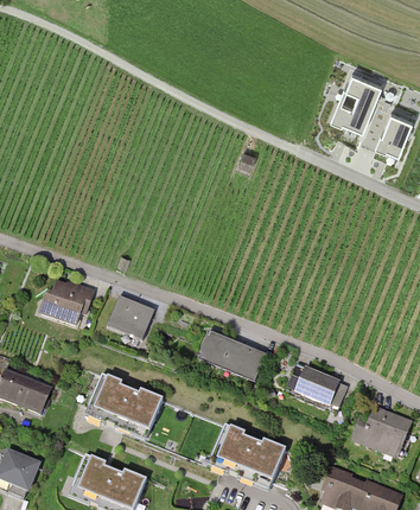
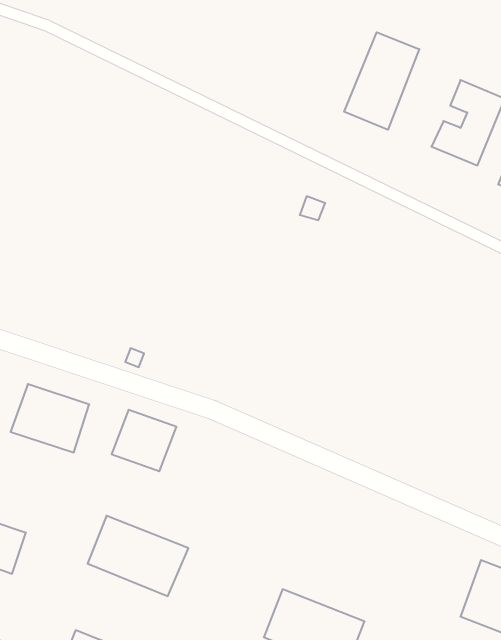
building: none -> [344,32,419,130]
building: [199,331,263,376] -> none
building: [295,365,337,402] -> none

